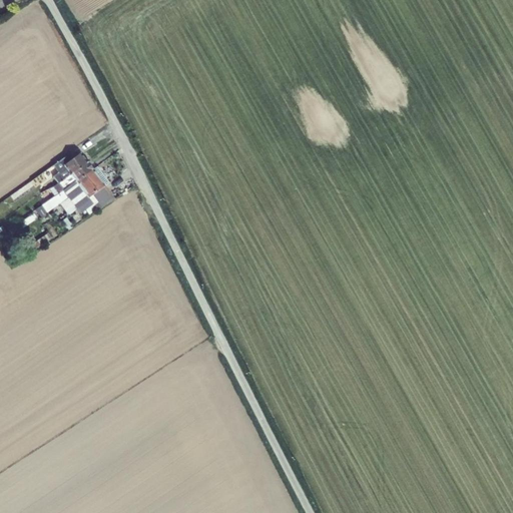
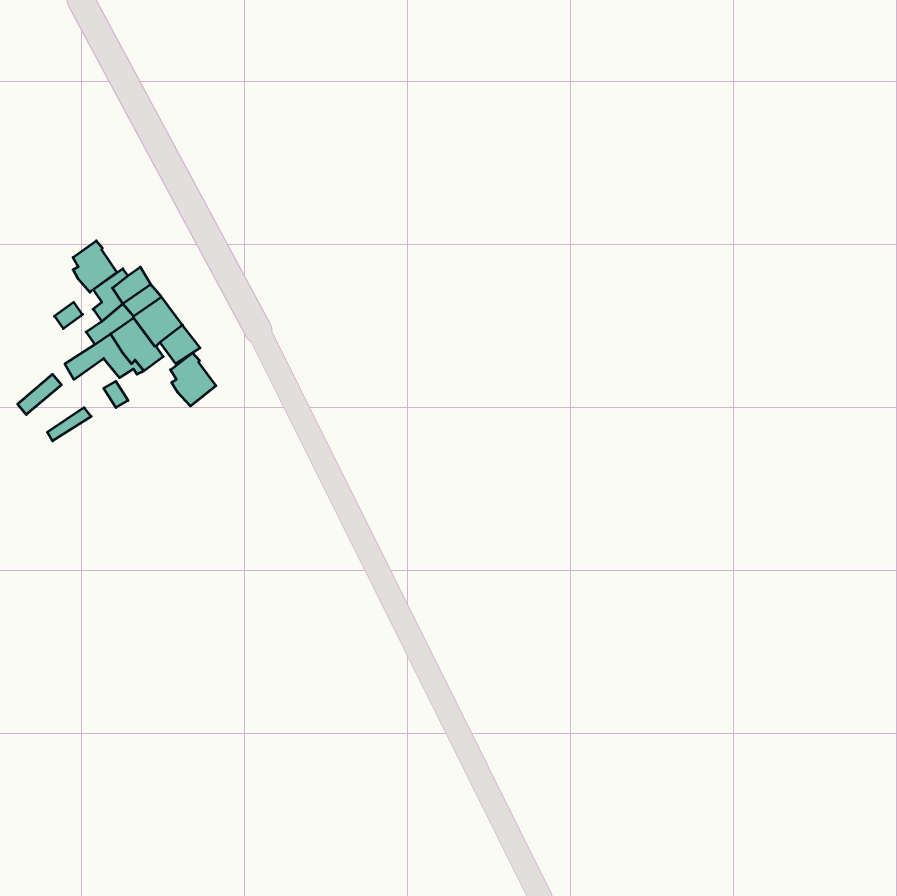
building: none -> [73,241,117,292]
building: none -> [170,353,216,406]

